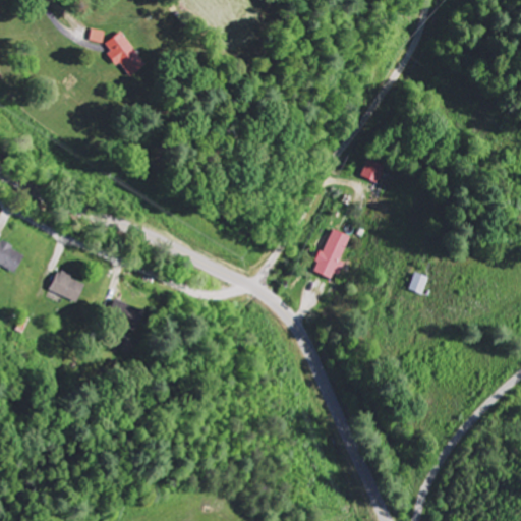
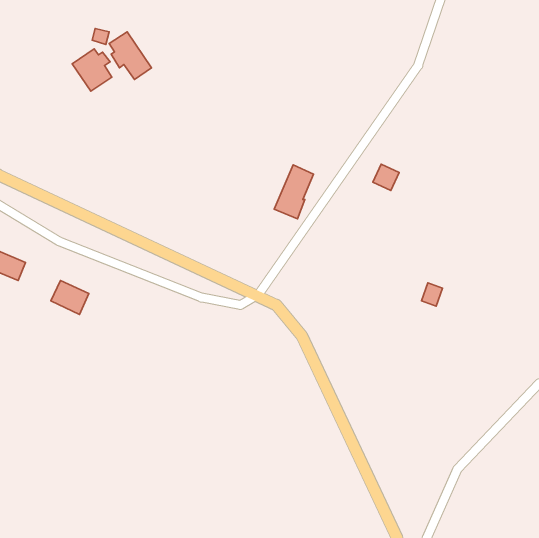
building: none -> [72,49,112,91]
building: [311,227,349,279] -> [274,165,313,219]

